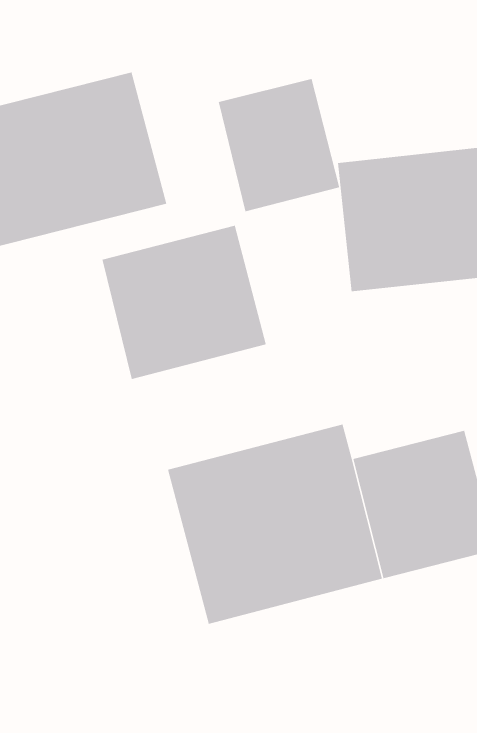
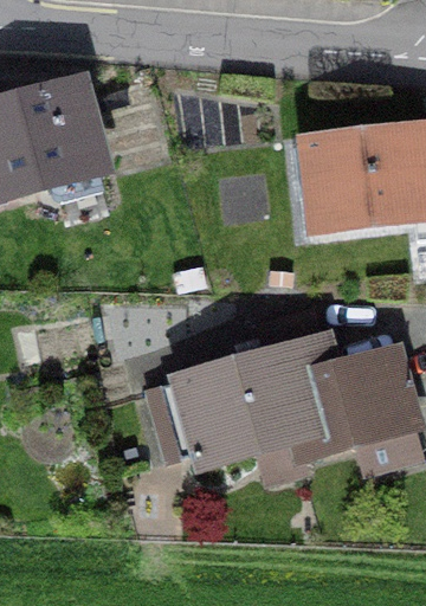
building: [218,78,340,212] -> none
building: [102,225,266,380] -> none

